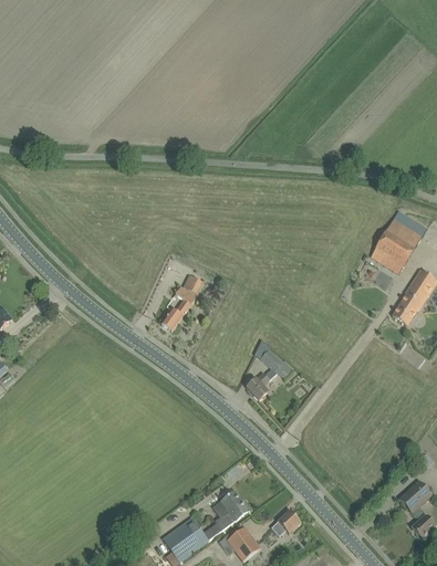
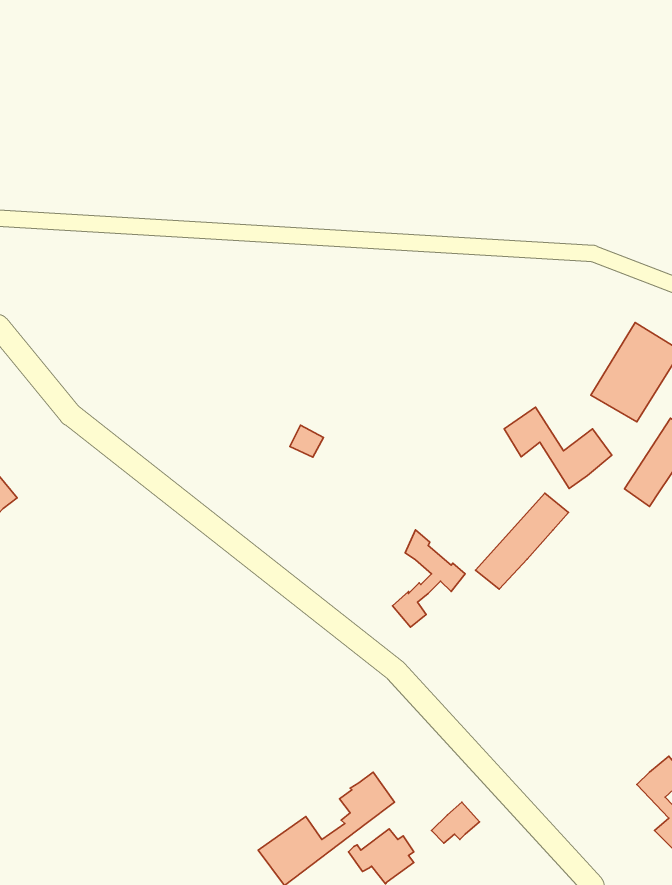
building: none -> [504,407,612,488]
building: [162,285,196,331] -> none
building: none -> [475,493,569,589]

